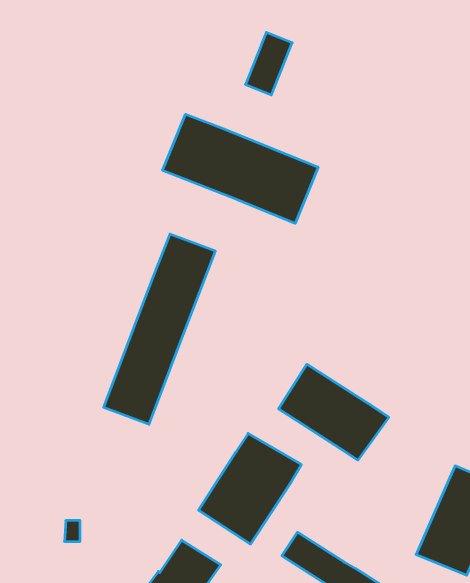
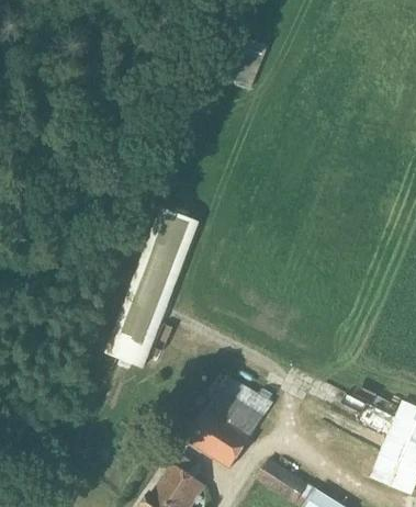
building: [163,114,318,223] -> none
building: [279,364,389,460] -> none

